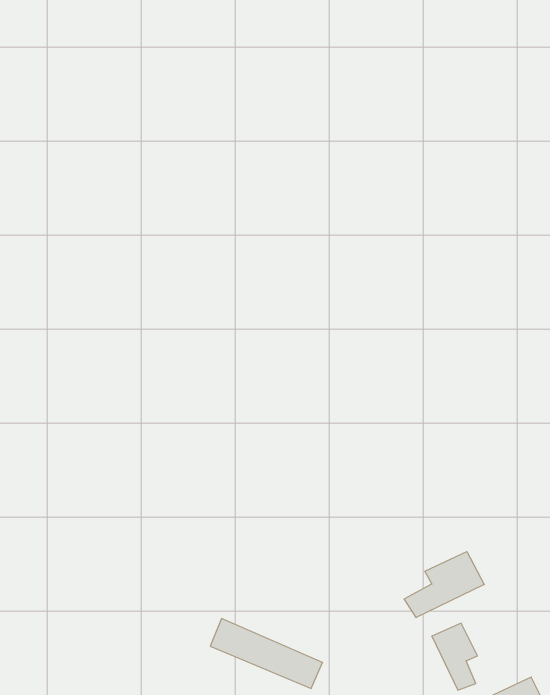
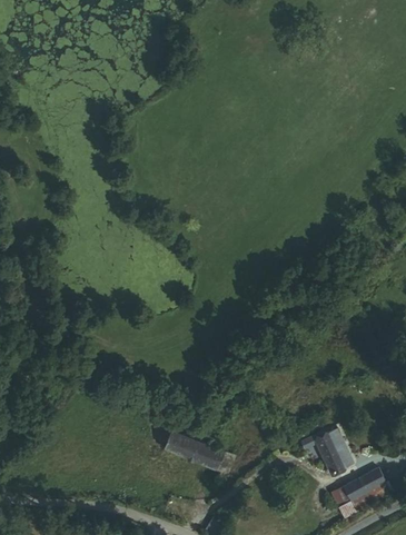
building: [404,552,484,618] -> none

